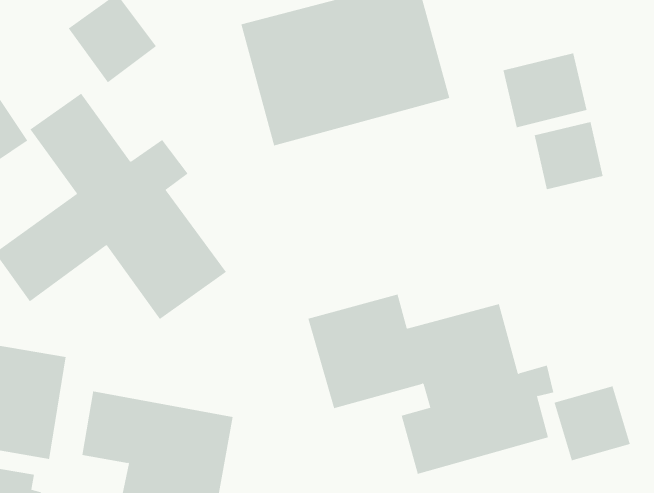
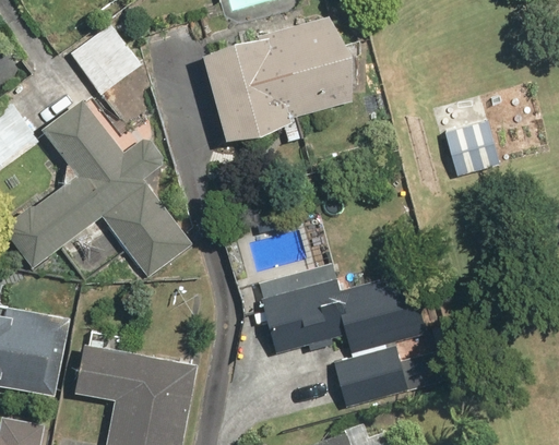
building: [503,52,587,128] -> none
building: [554,385,630,461] -> none

